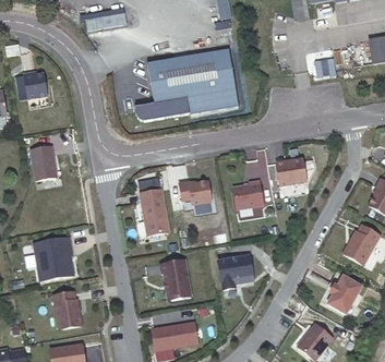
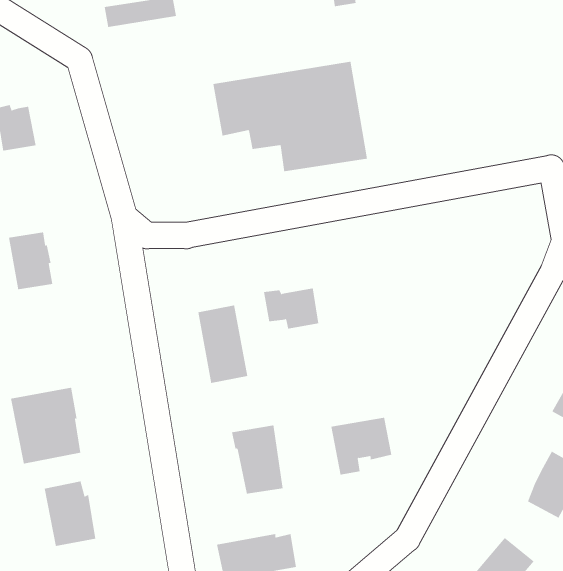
building: [136,88,190,121] -> none
building: [276,158,306,186] -> none
building: [233,180,263,208] -> none

